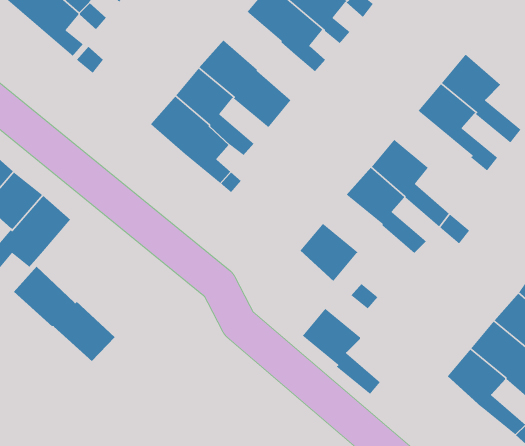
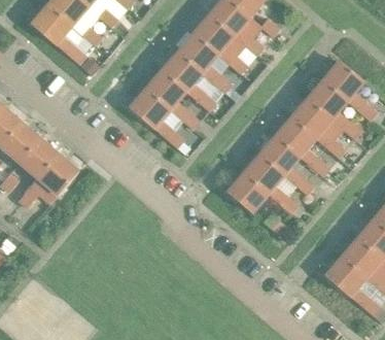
building: none -> [178,32,231,91]
building: none -> [291,98,344,157]
building: [13,266,115,362] -> none
building: [302,308,381,395] -> [244,154,296,211]

